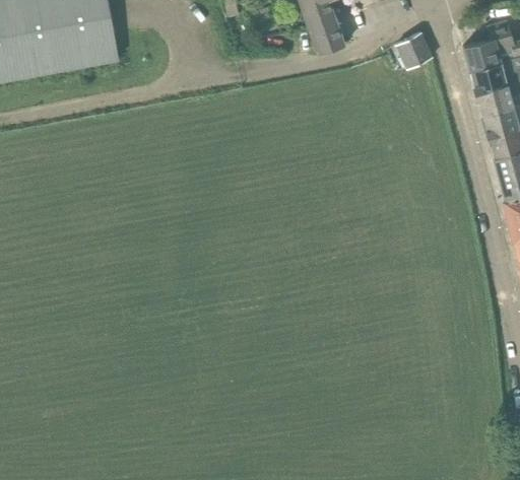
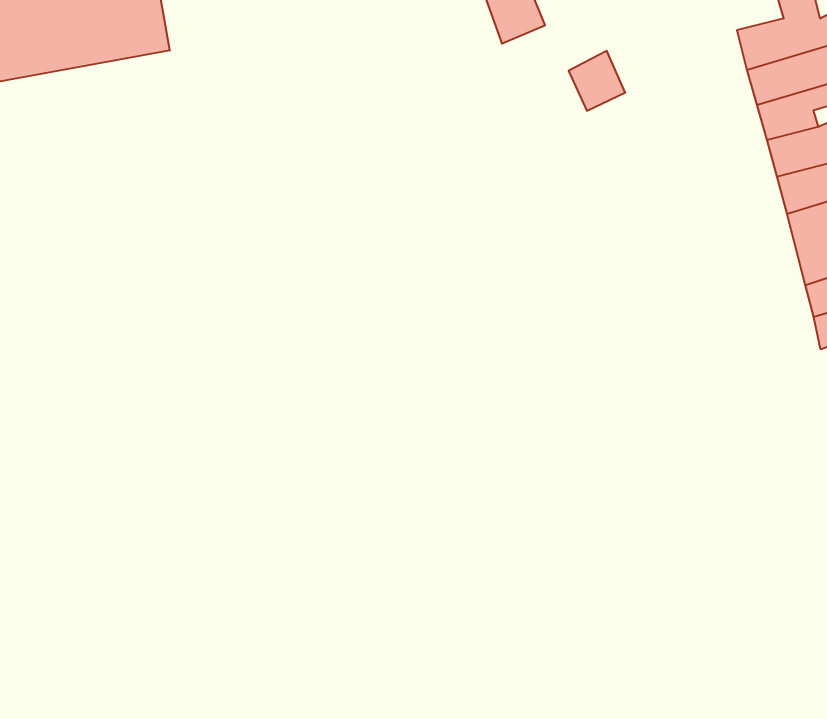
building: [397,33,432,70] -> [569,51,625,111]

